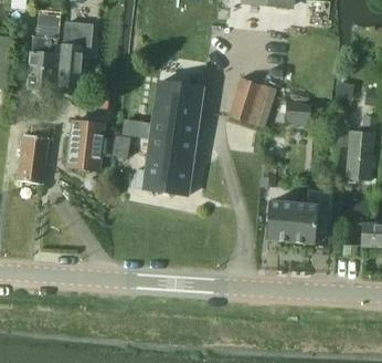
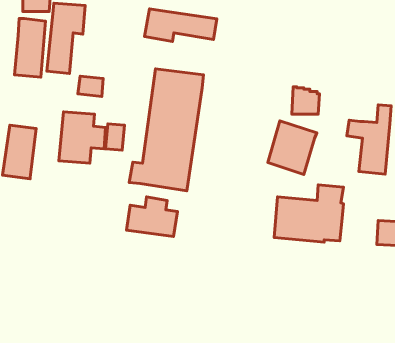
building: none -> [145,9,217,41]
building: [230,76,275,126] -> [268,121,317,175]
building: none -> [126,197,177,236]

